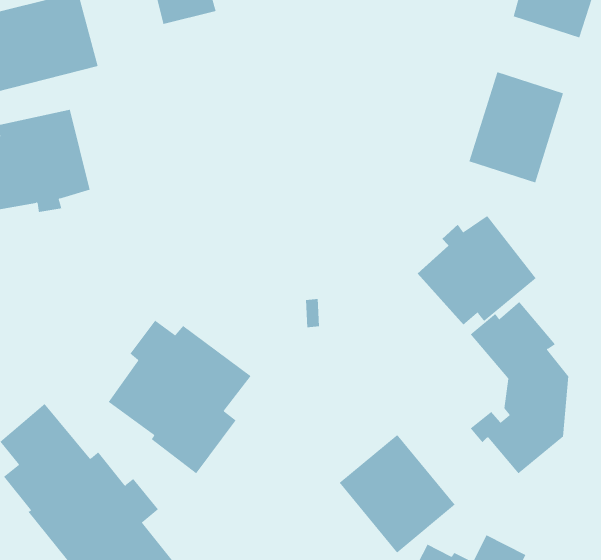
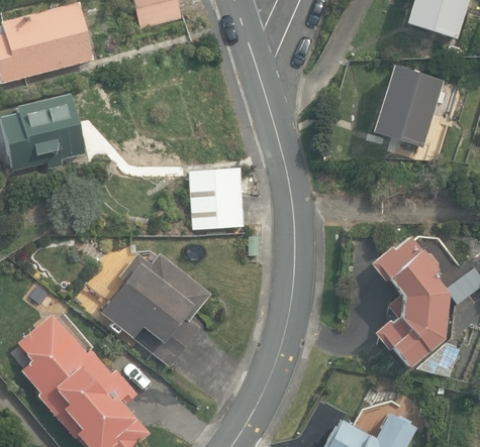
building: none -> [187,167,244,231]
building: [417,215,537,325] -> none
building: [339,434,455,554] -> none

